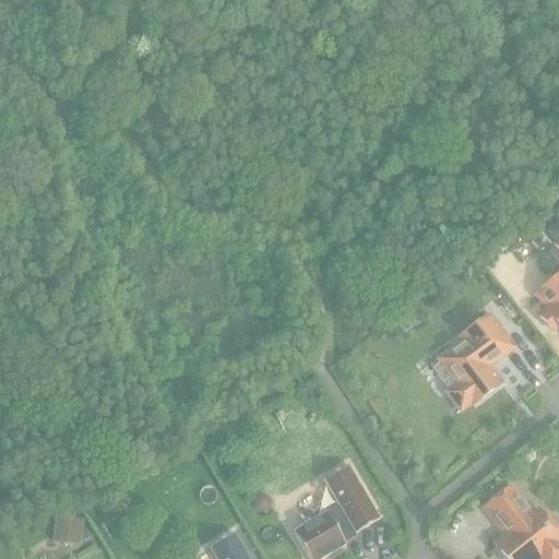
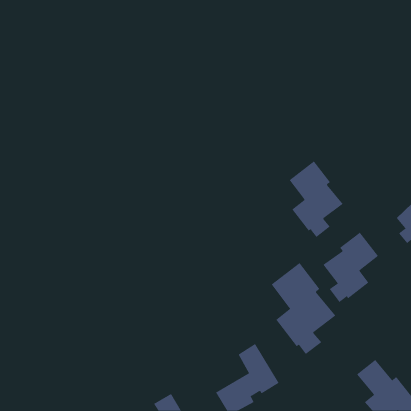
building: none -> [289,160,343,238]
building: none -> [271,262,336,355]

